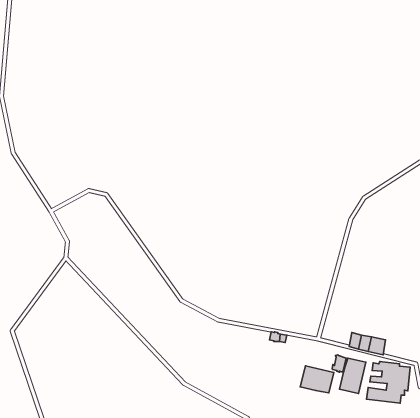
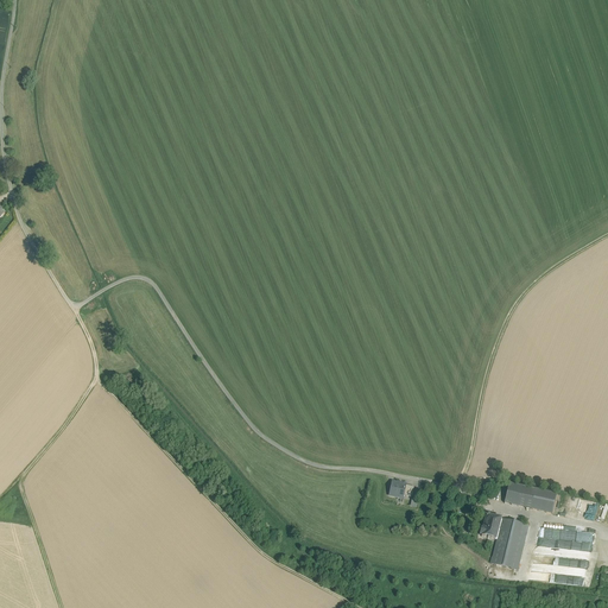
building: [300,366,334,393] -> none

